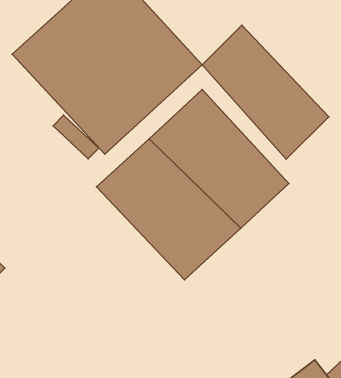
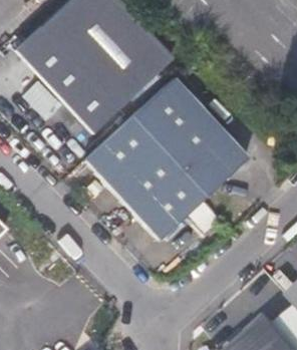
building: [202,25,329,159] -> none

